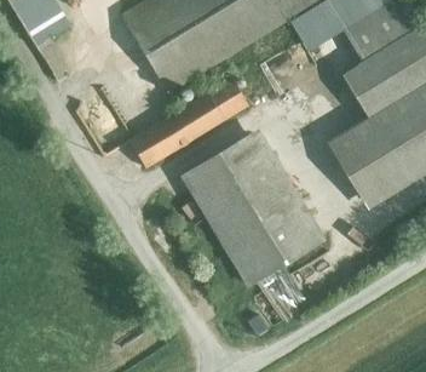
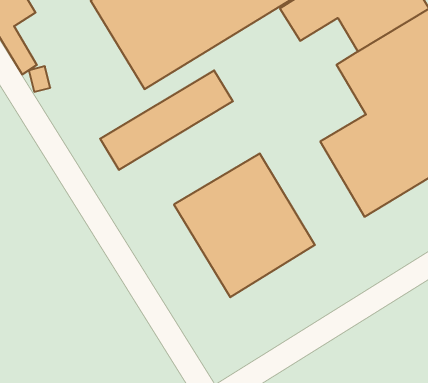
building: [179,127,272,199] -> none

